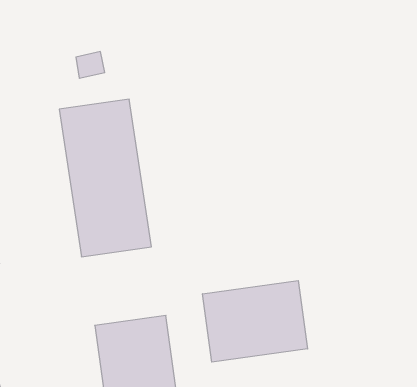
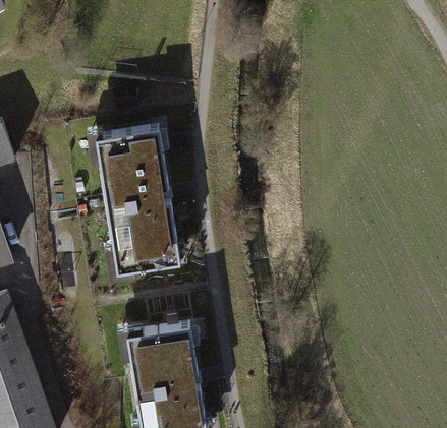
building: [203,281,308,362] -> none

